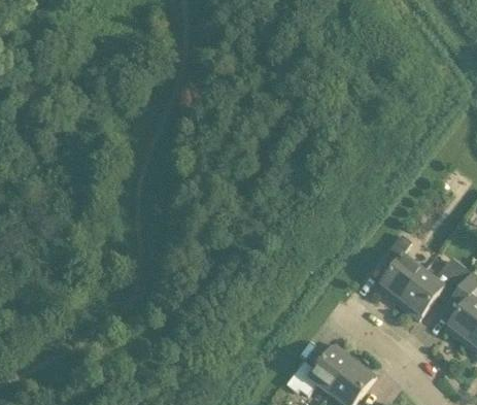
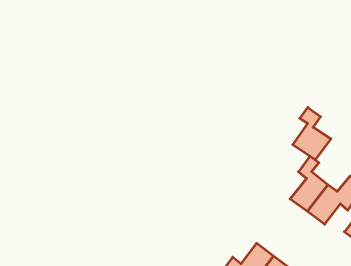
building: none -> [293,107,331,160]

